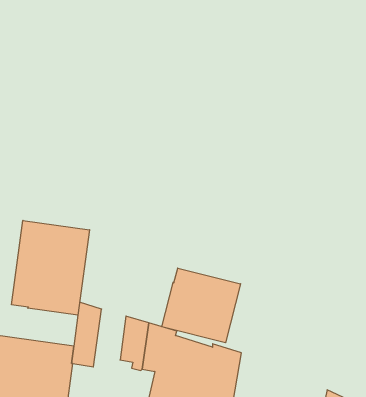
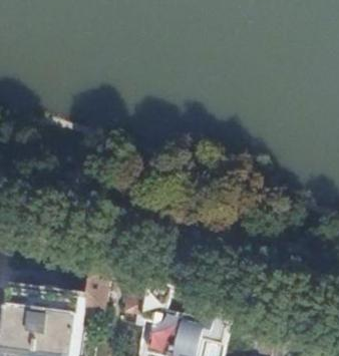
building: [12,220,90,315] -> none
building: [162,268,241,343] -> none

